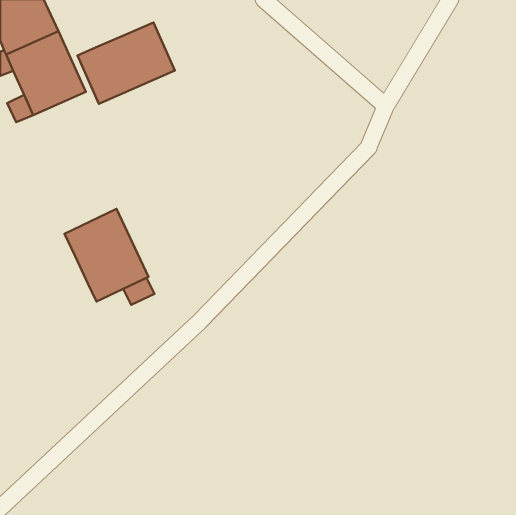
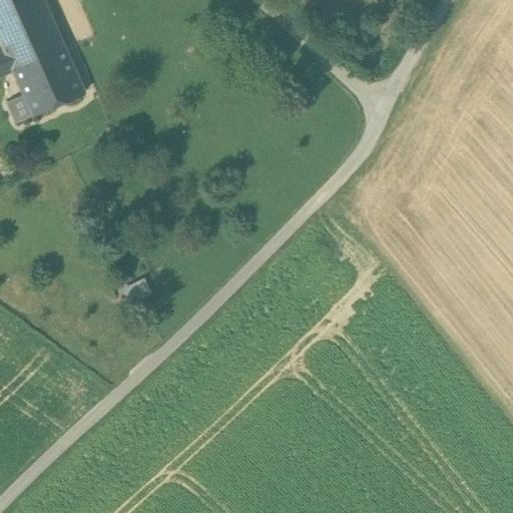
building: [78,22,175,104] -> none
building: [64,209,148,302] -> none

